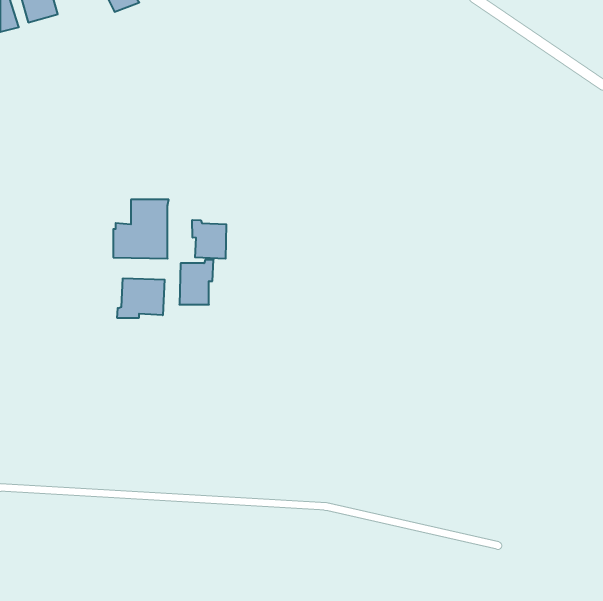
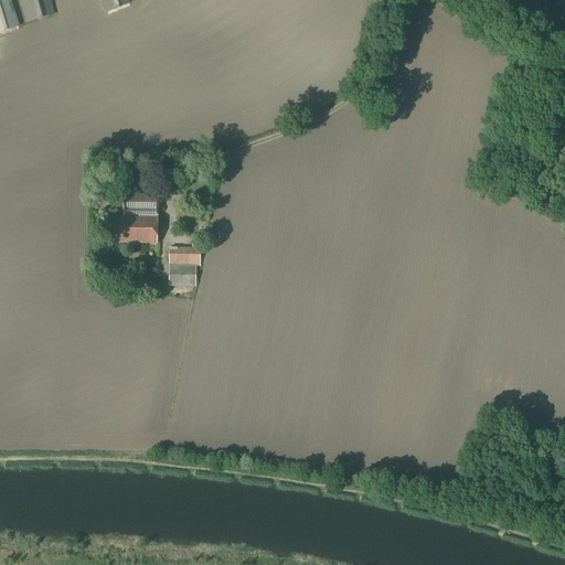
building: [192,220,226,259] -> none
building: [117,278,165,318] -> none

